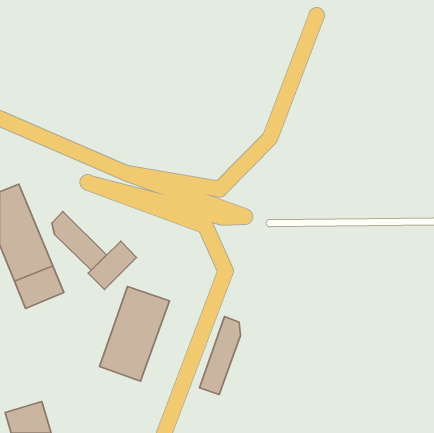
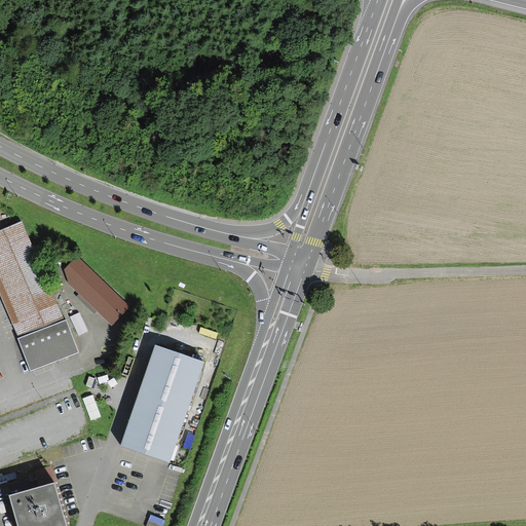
building: [88,241,136,289] -> none
building: [199,316,241,395] -> none

